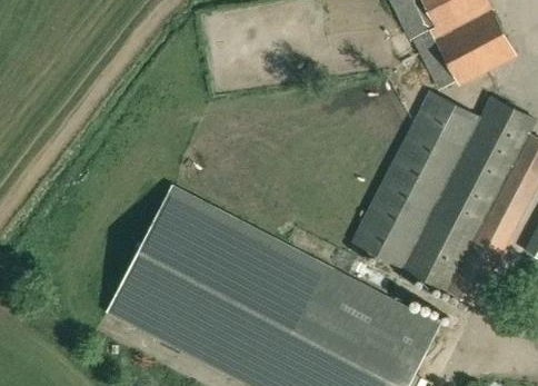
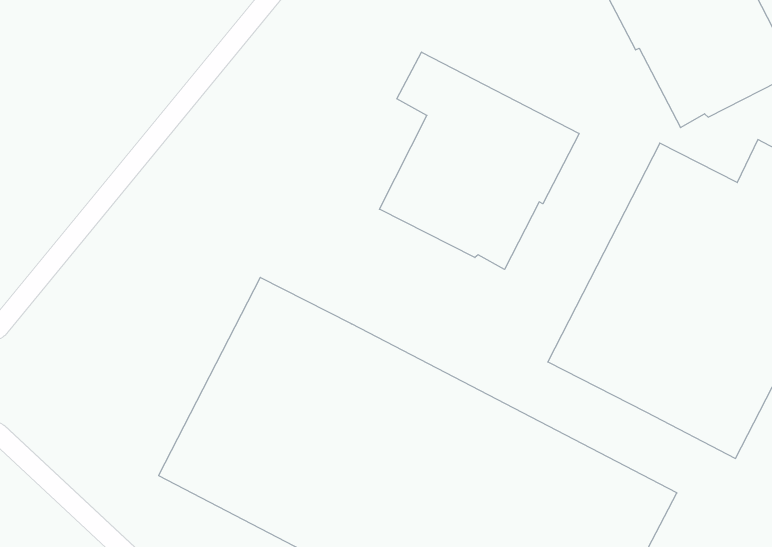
building: none -> [379,52,579,269]

